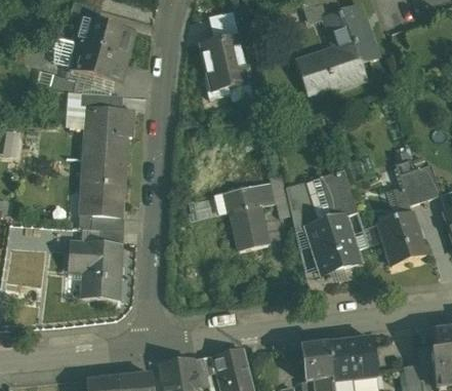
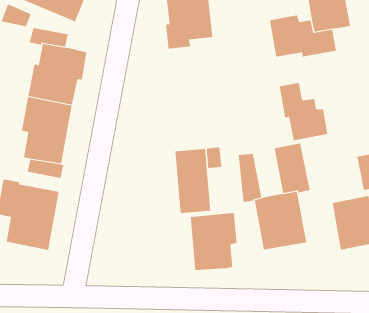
building: none -> [279,82,328,141]
building: none -> [190,212,237,271]

